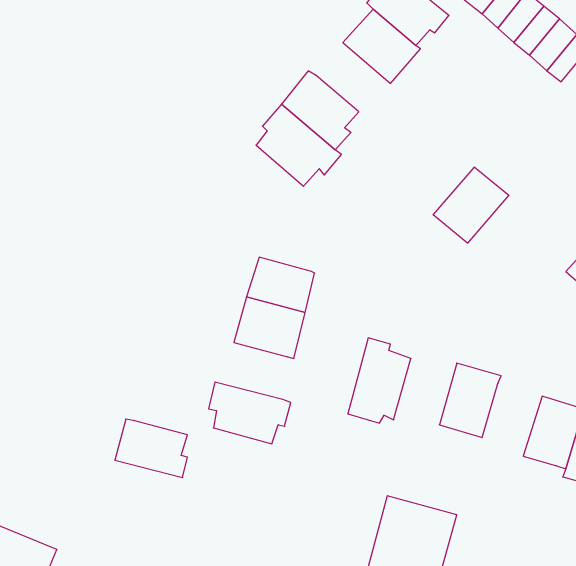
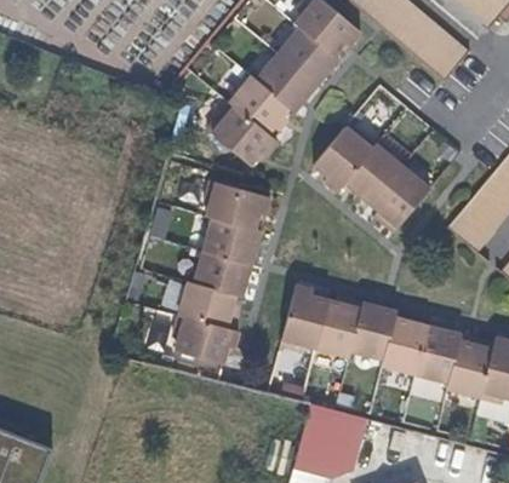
building: none -> [257,53,314,110]
building: none -> [316,130,378,192]
building: none -> [373,171,430,235]
building: none -> [202,180,265,229]
building: none -> [316,293,365,351]
building: none -> [383,315,430,370]
building: [115,419,187,478] -> [179,282,235,327]

